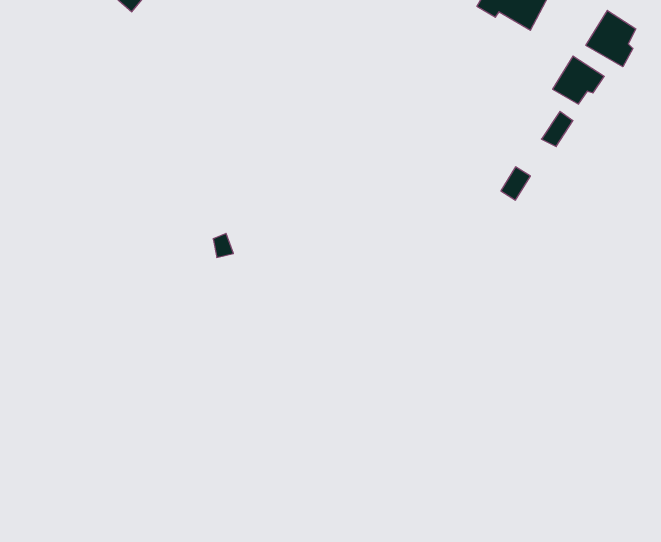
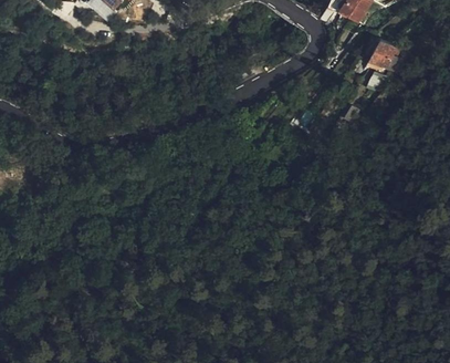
building: [586,10,636,67] -> none

